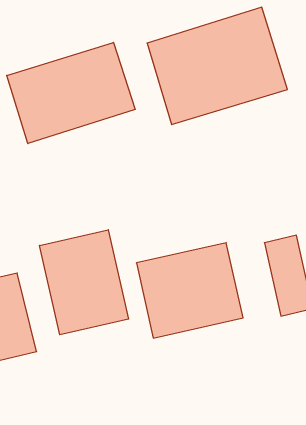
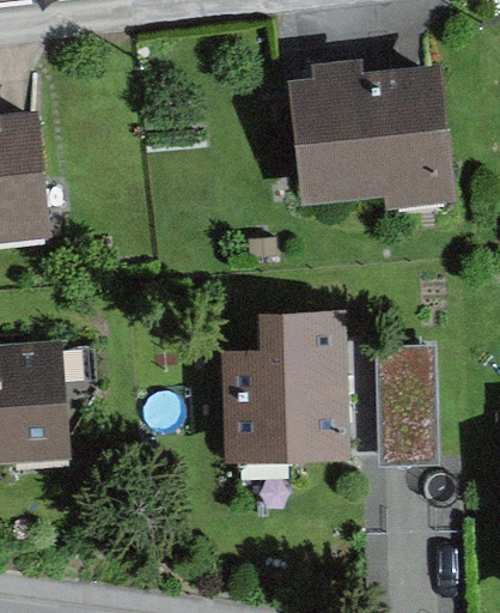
building: [7,42,135,144] -> none
building: [40,230,129,335] -> none

